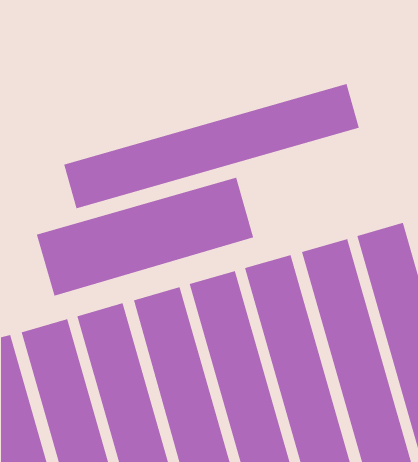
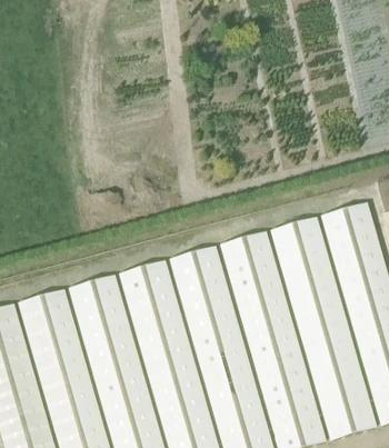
building: [64,83,360,209] -> none
building: [36,177,254,296] -> none

